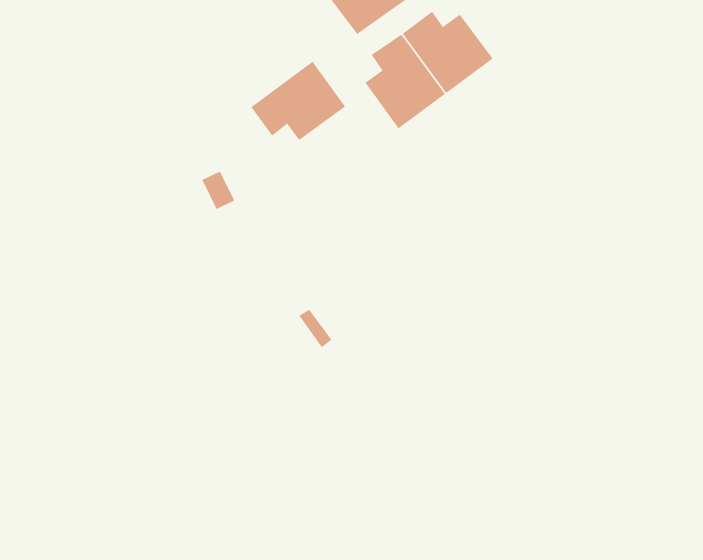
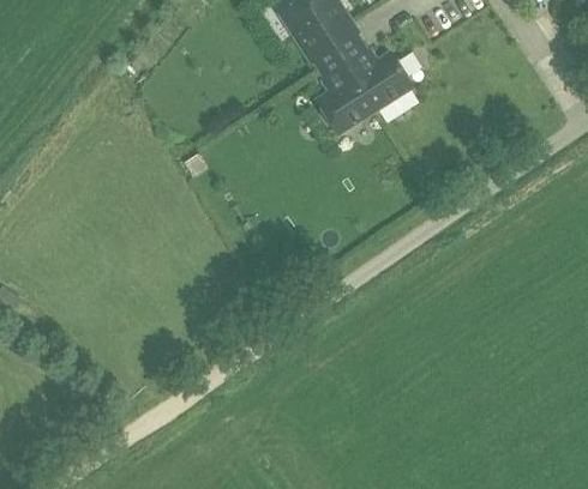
building: [250,61,346,141] -> none

